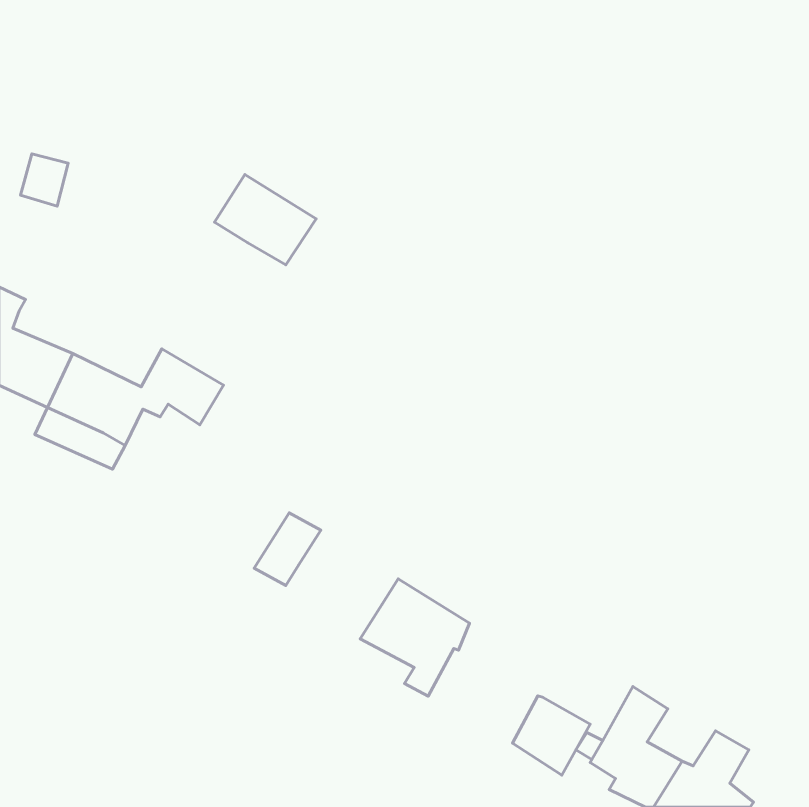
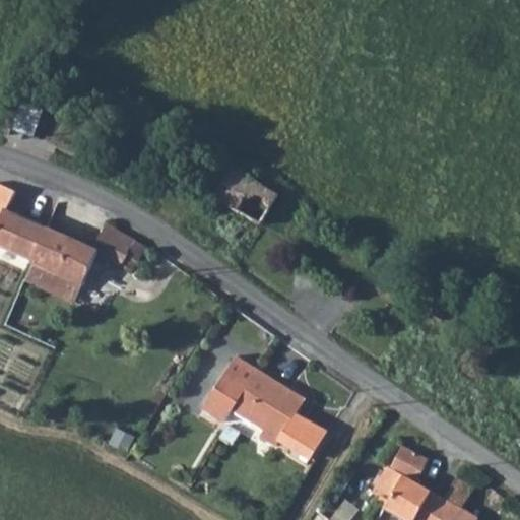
building: [215,175,316,265] -> [212,168,277,225]
building: [254,513,321,586] -> [202,376,245,422]
building: [513,696,590,775] -> [274,415,324,466]

